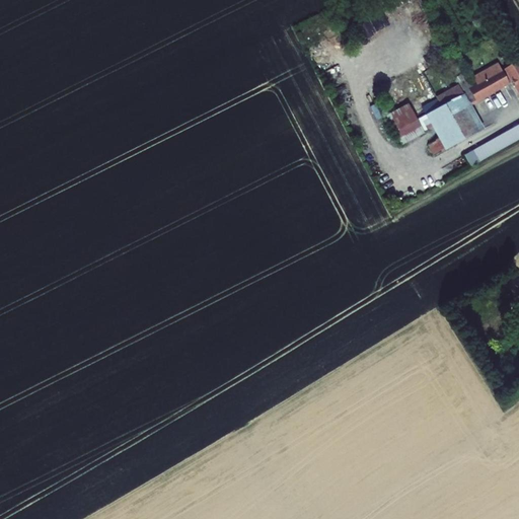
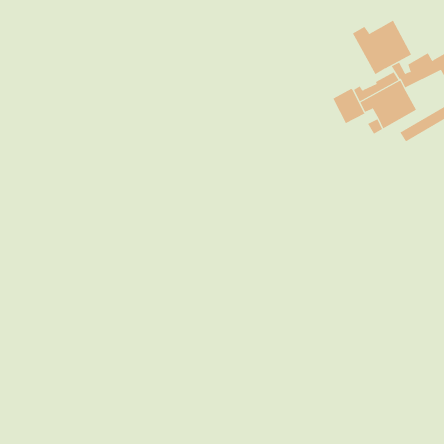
building: none -> [352,20,412,75]

